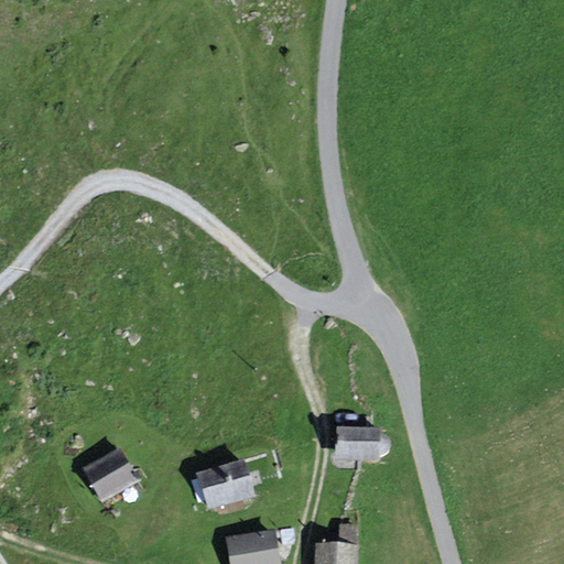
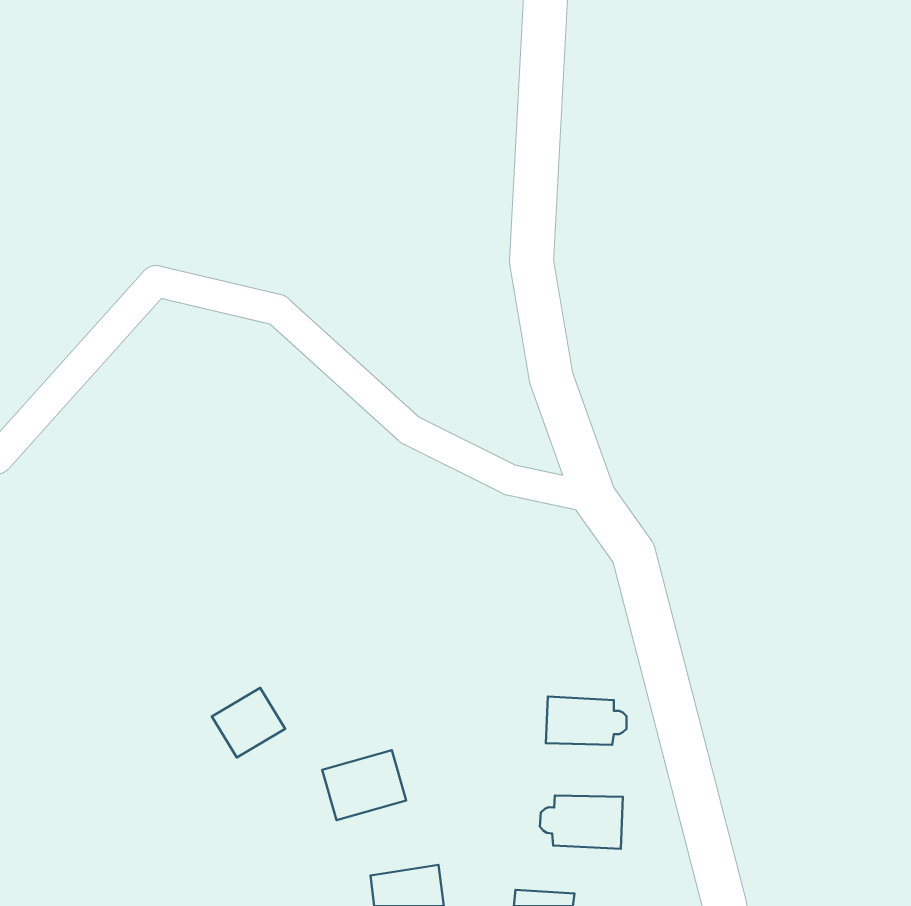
building: [86,452,131,495] -> [212,688,285,758]
building: none -> [540,796,623,849]

